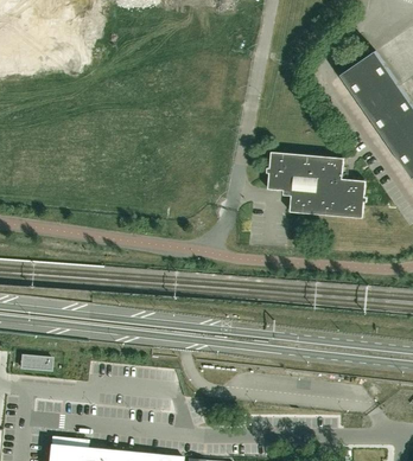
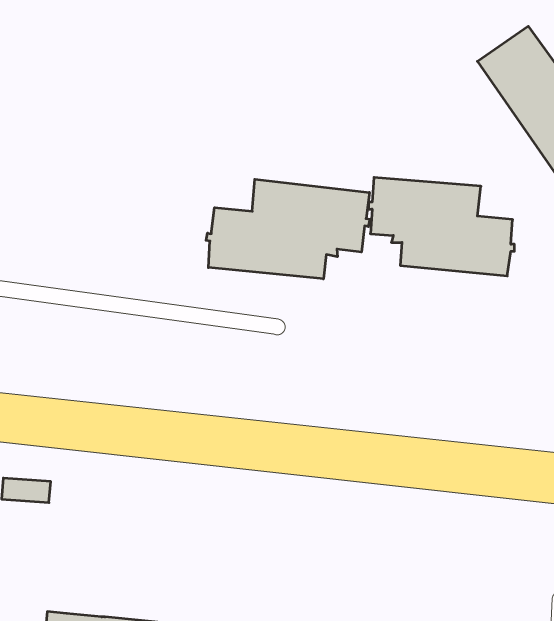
building: none -> [206,179,370,279]

